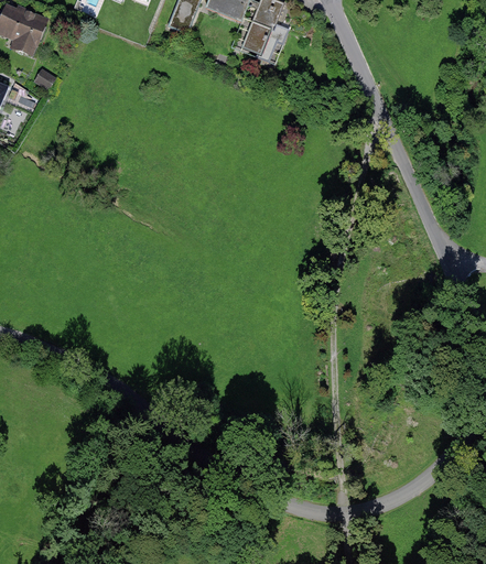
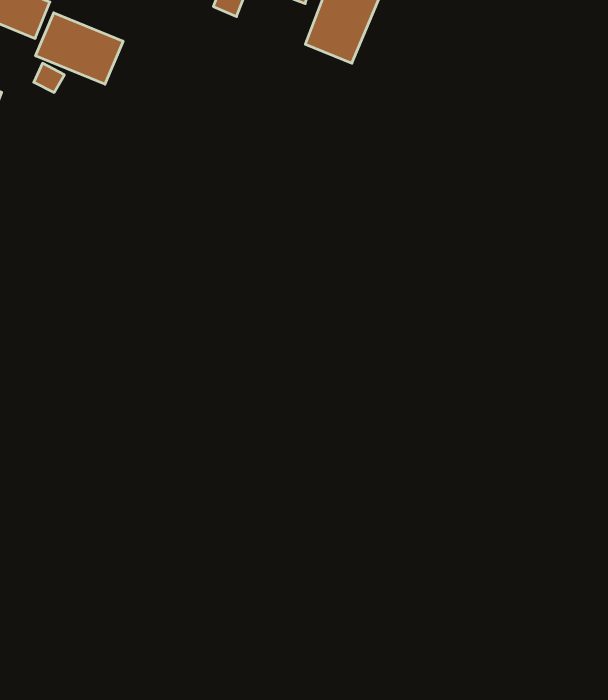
building: none -> [36,13,123,84]

